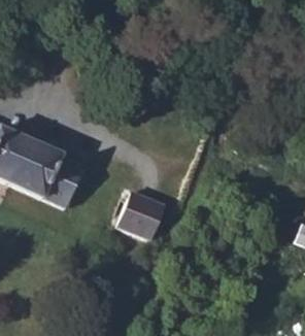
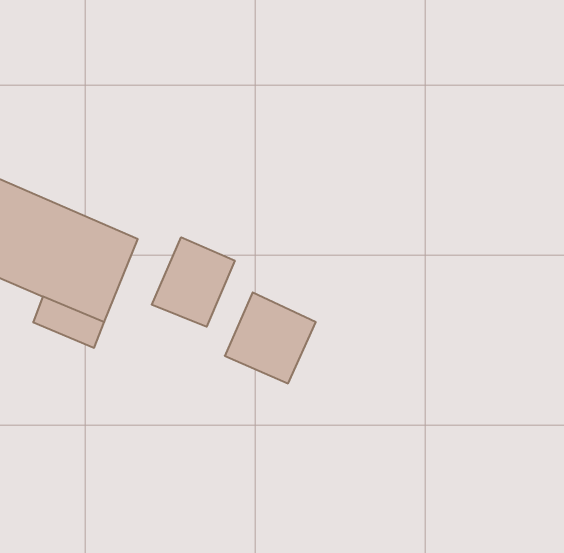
building: none -> [152,237,235,327]

